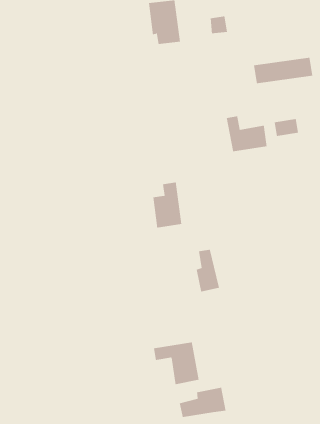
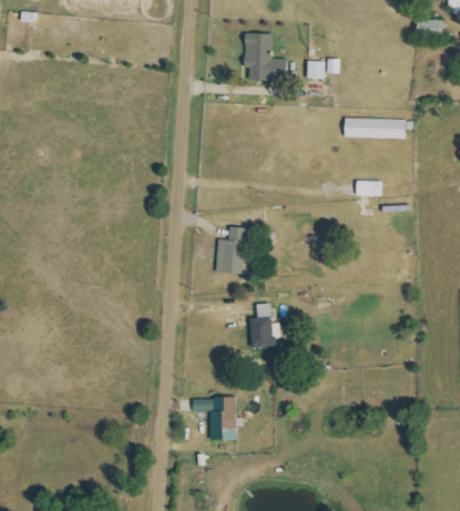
building: [226,115,267,152] -> none
building: [179,387,226,418] -> none

